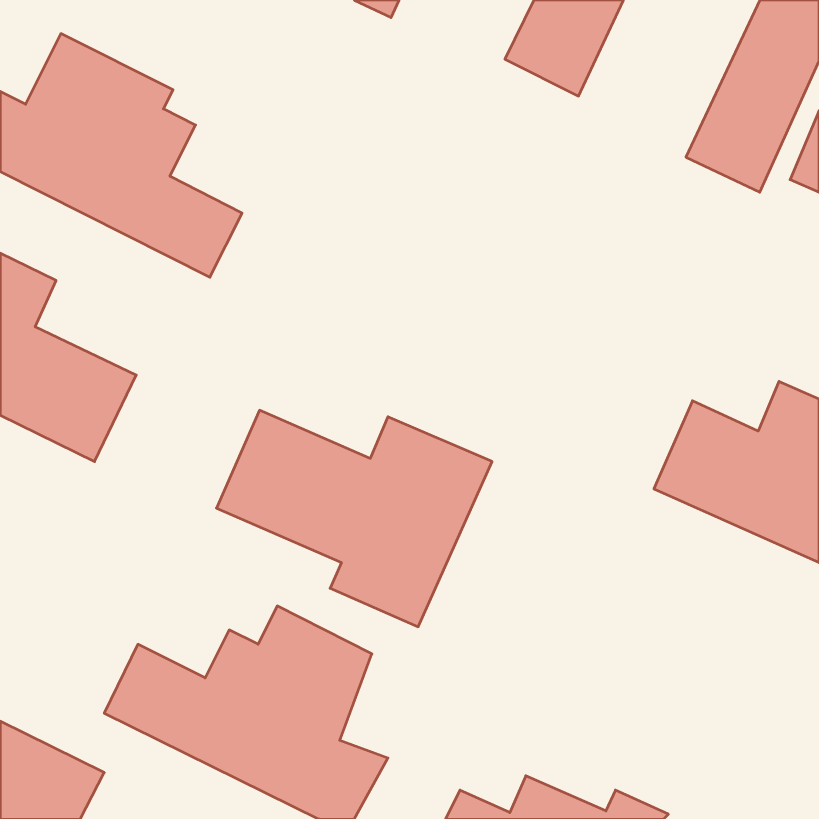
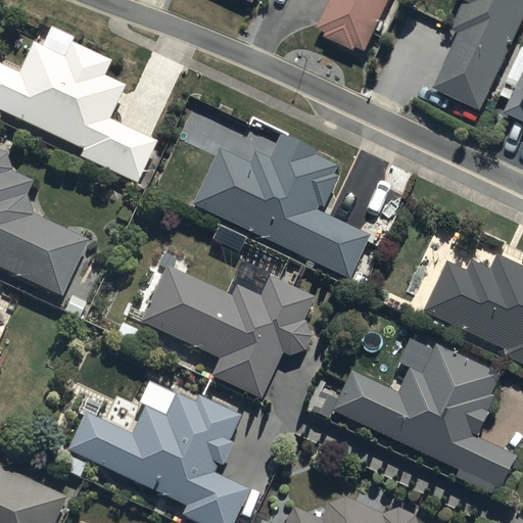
building: none -> [192,128,369,278]
building: none -> [328,341,511,488]

